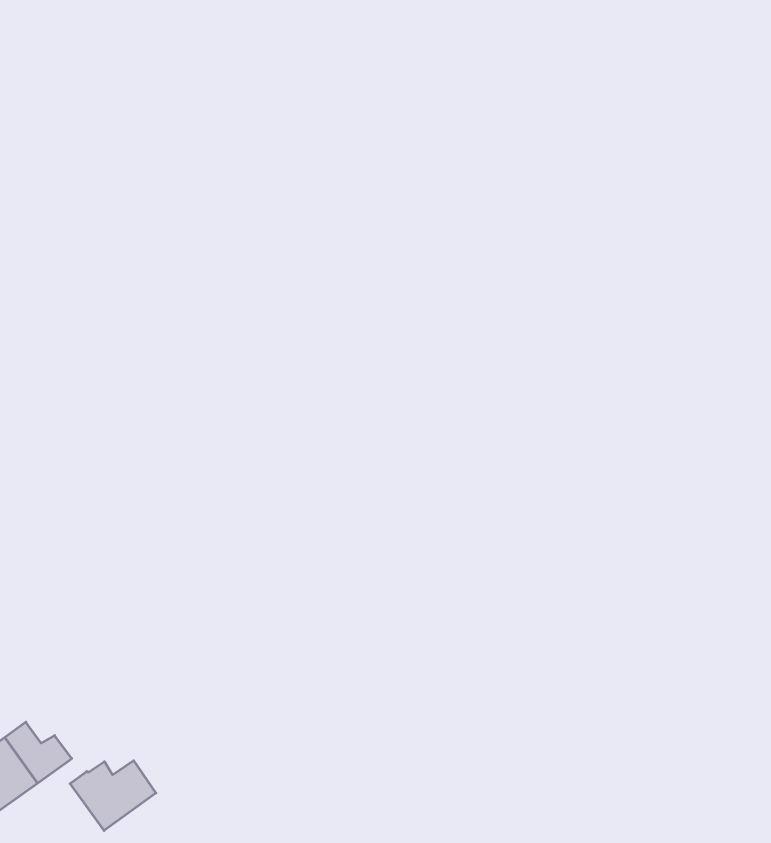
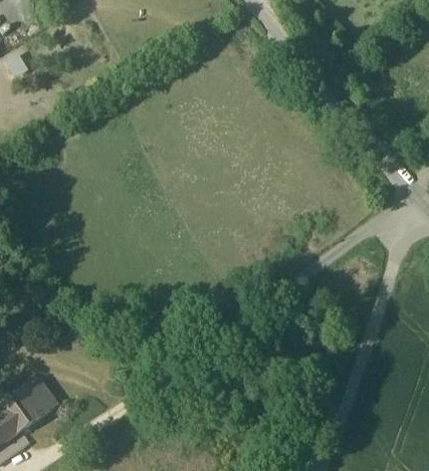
building: [70,761,156,831] -> none

